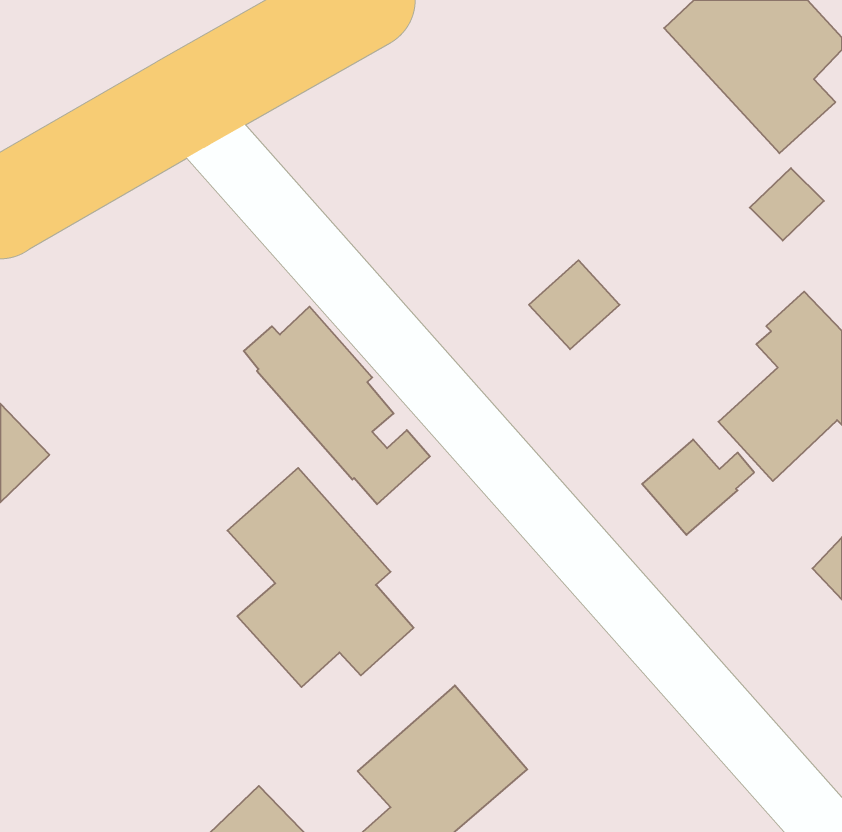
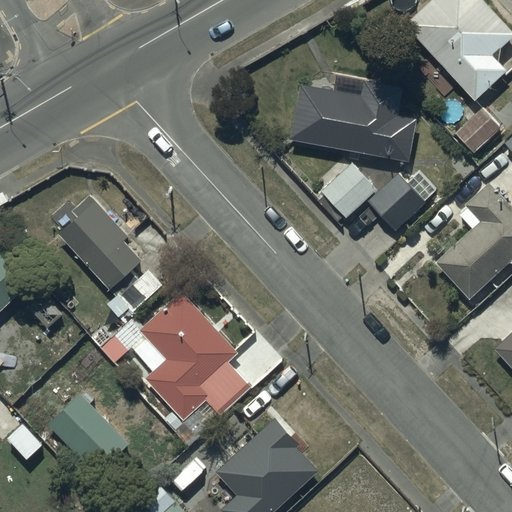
building: none -> [289,79,416,160]
building: [244,307,430,504] -> [51,194,164,314]
building: [642,439,754,535] -> [367,174,435,232]
building: none -> [48,392,129,474]

